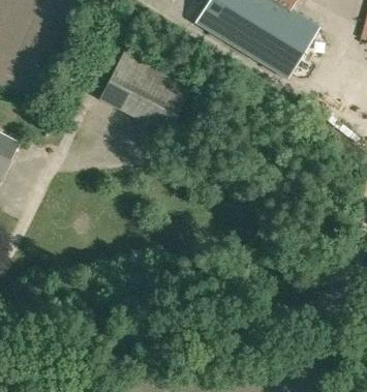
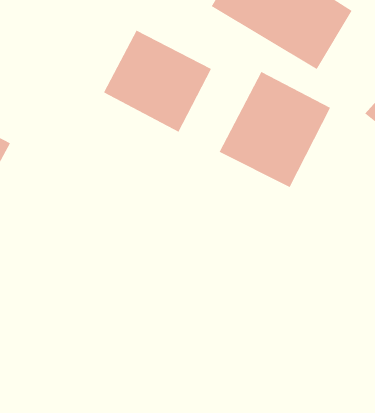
building: none -> [219,71,331,188]

